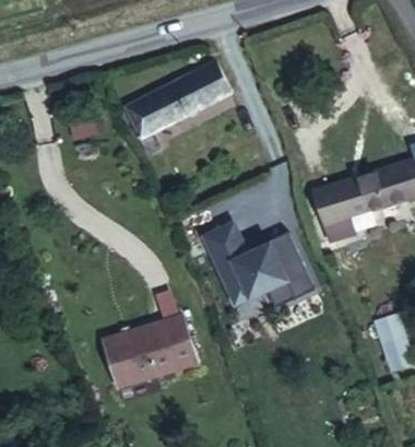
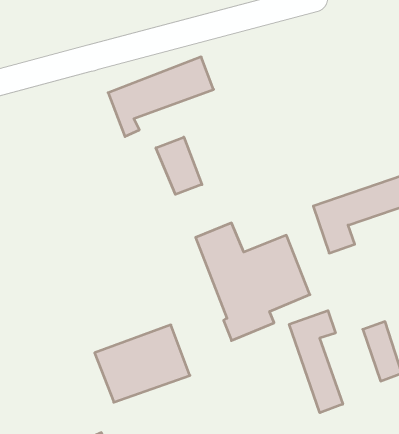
building: none -> [156,137,202,194]
building: none -> [289,311,343,413]

